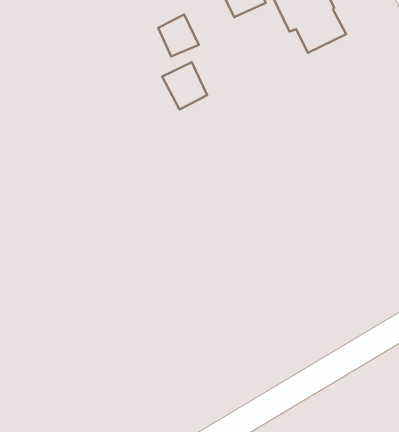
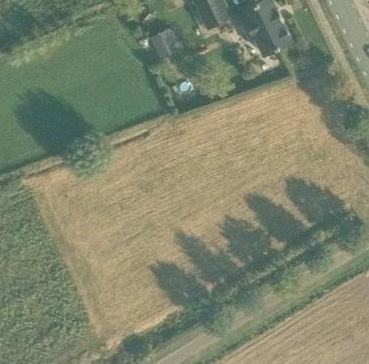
building: [162,62,207,109] -> none

